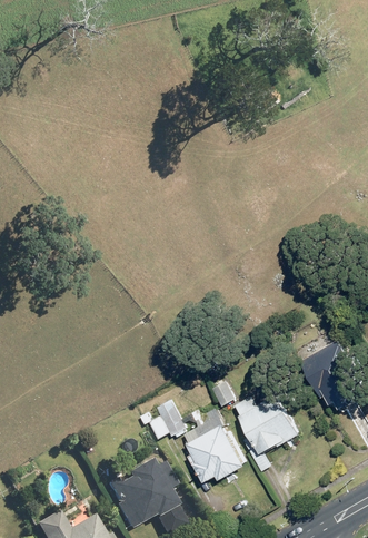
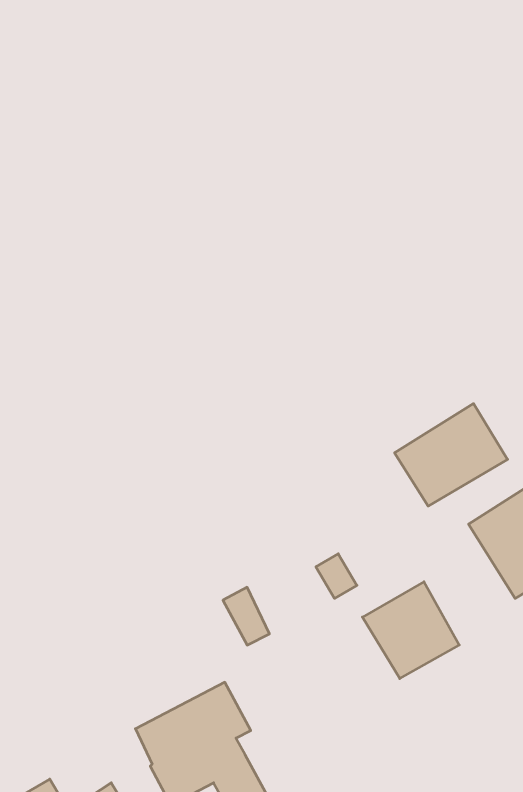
building: none -> [395,404,508,506]
building: [182,424,243,487] -> none

